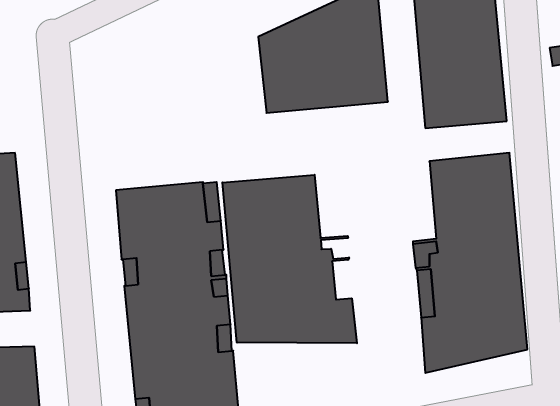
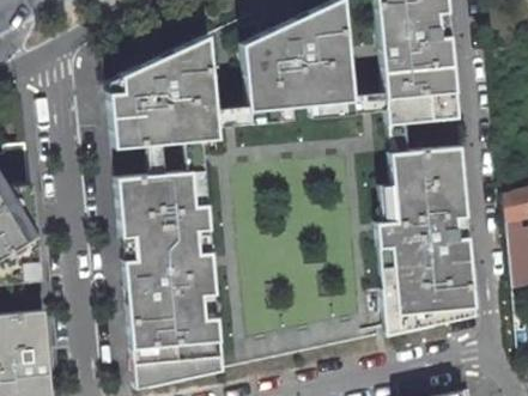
building: none -> [109,36,219,148]
building: [222,175,357,343] -> none

